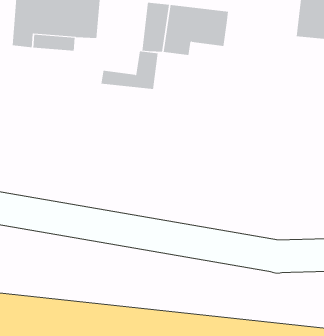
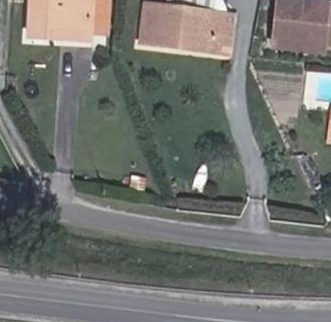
building: [100,51,158,89] -> [189,21,240,55]

